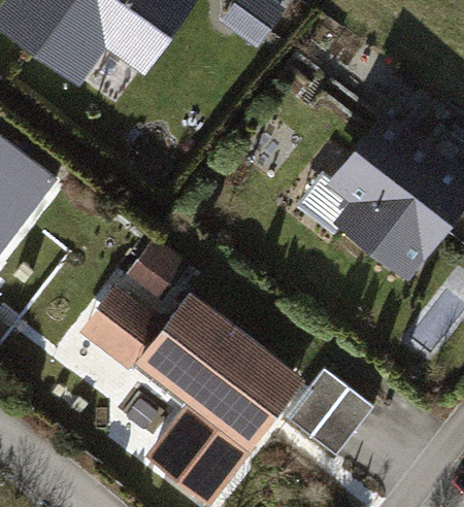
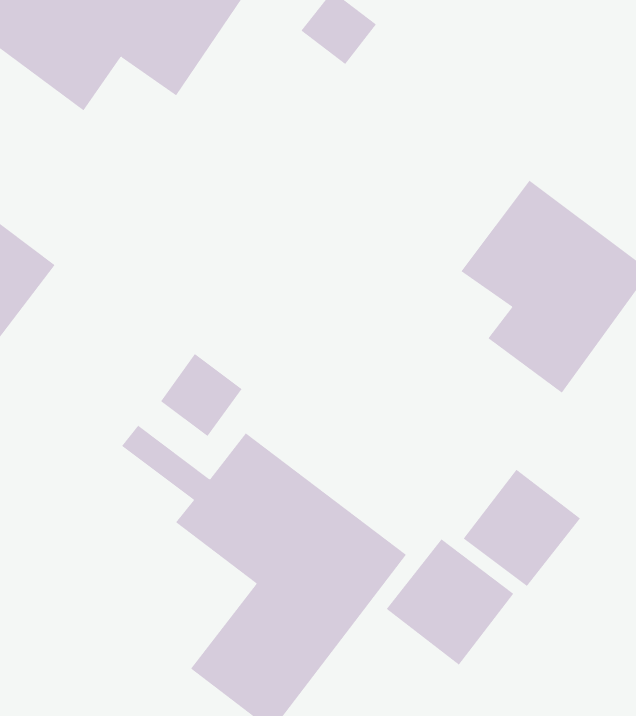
building: none -> [463,469,581,587]

